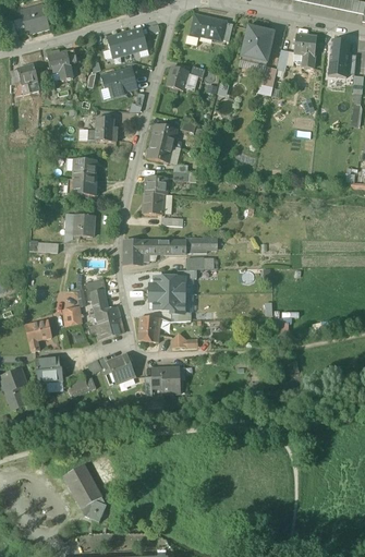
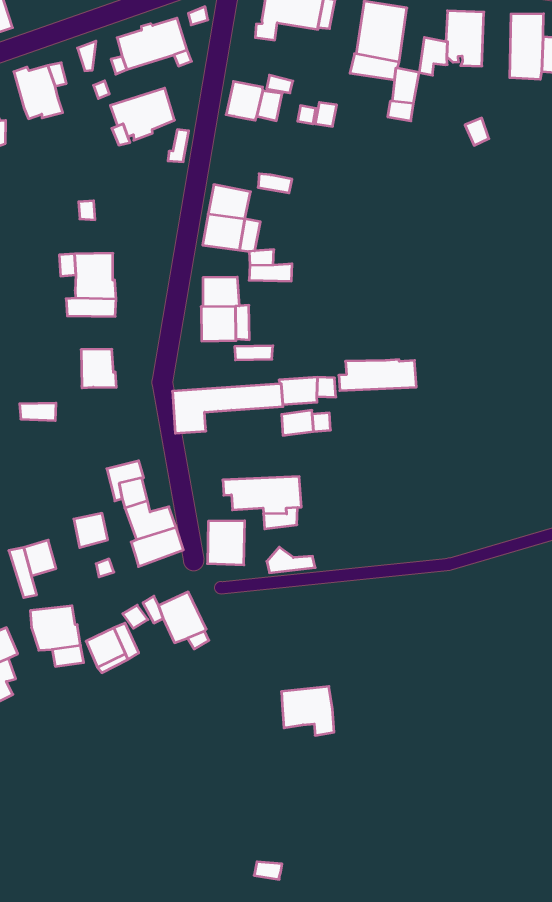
building: [95,117,117,141] -> none
building: [149,276,193,293] -> [339,360,416,391]
building: [151,367,180,395] -> [281,686,334,735]
building: [63,464,107,522] -> none

